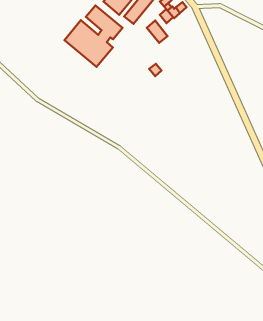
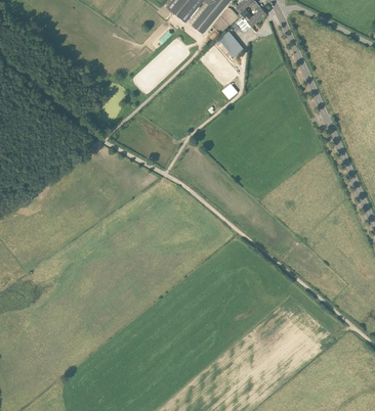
building: [64,5,123,67] -> none

